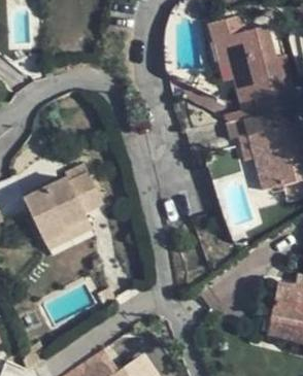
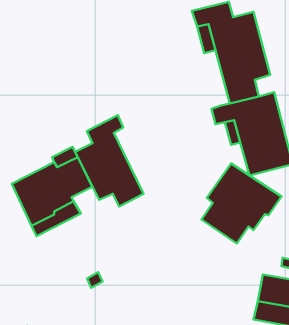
building: none -> [75,115,144,206]
building: none -> [201,164,281,244]

